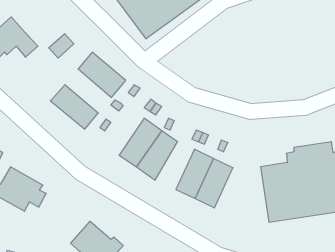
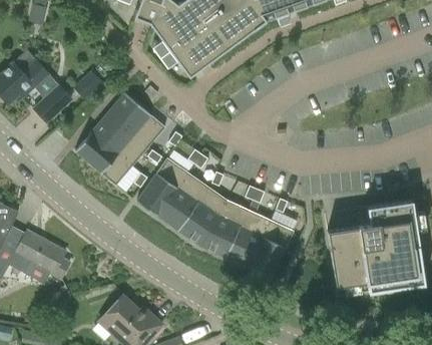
building: none -> [34,85,72,121]
building: none -> [92,112,148,165]
building: none -> [137,157,187,216]
building: none -> [200,200,248,257]

